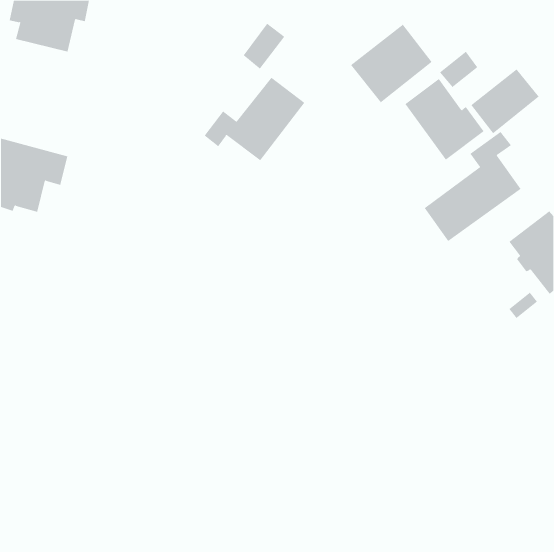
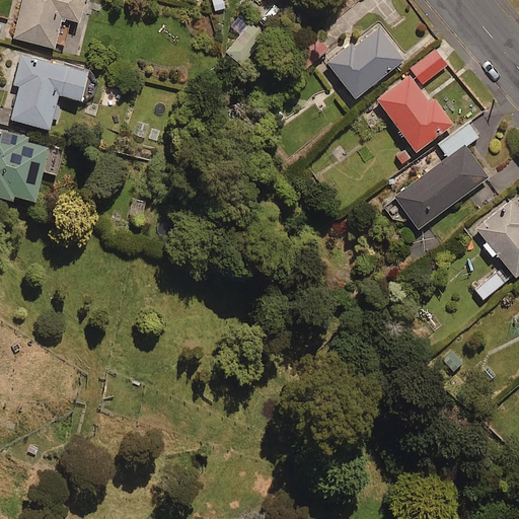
building: none -> [5,56,87,129]
building: [470,69,539,134] -> none
building: [204,77,305,161] -> none

